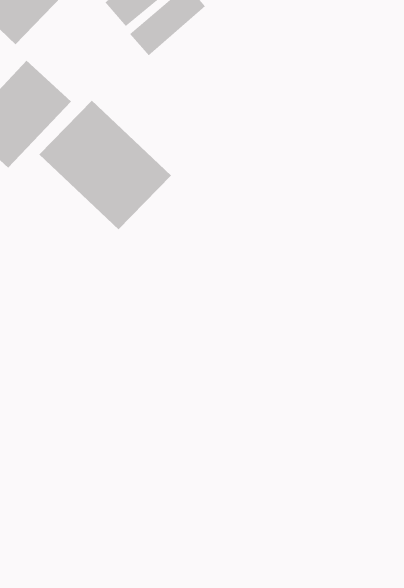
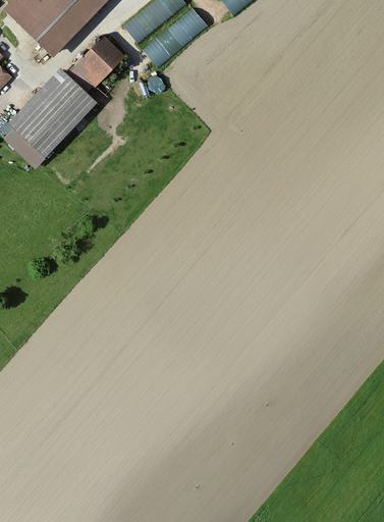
building: none -> [70,35,125,90]
building: [39,100,172,230] -> none

